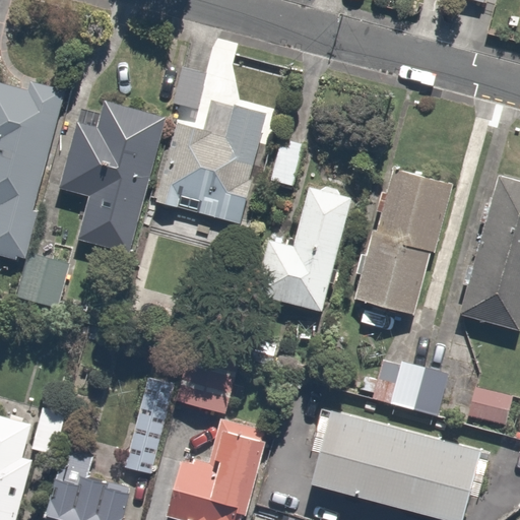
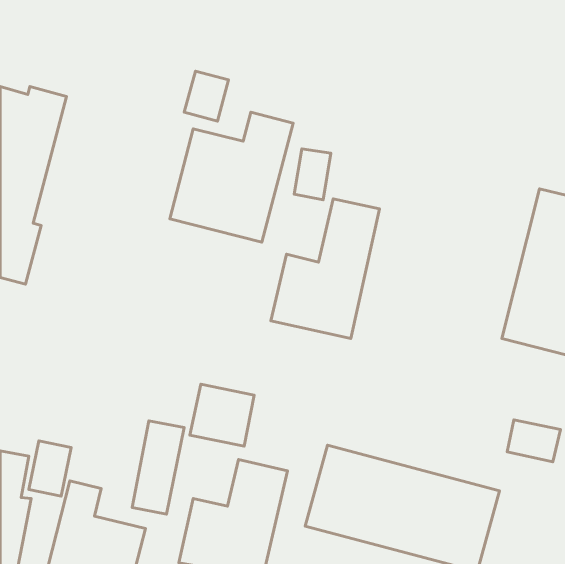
building: [59,100,161,253] -> none
building: [355,168,450,315] -> none
building: [22,256,65,305] -> none
building: [373,358,451,416] -> none

